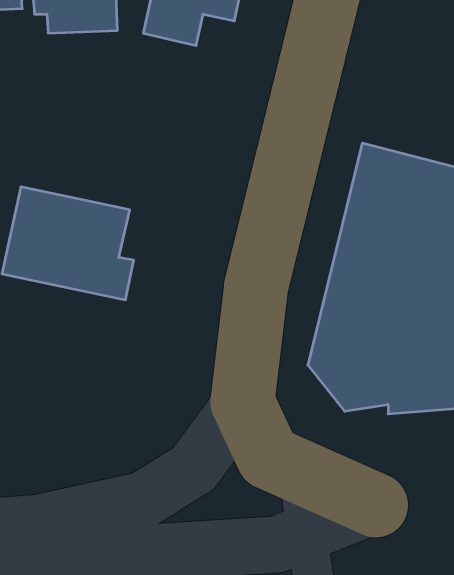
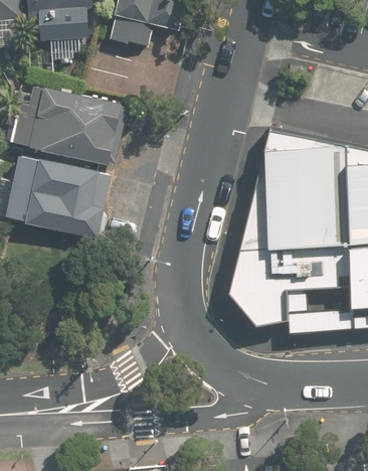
building: none -> [13,86,122,164]

